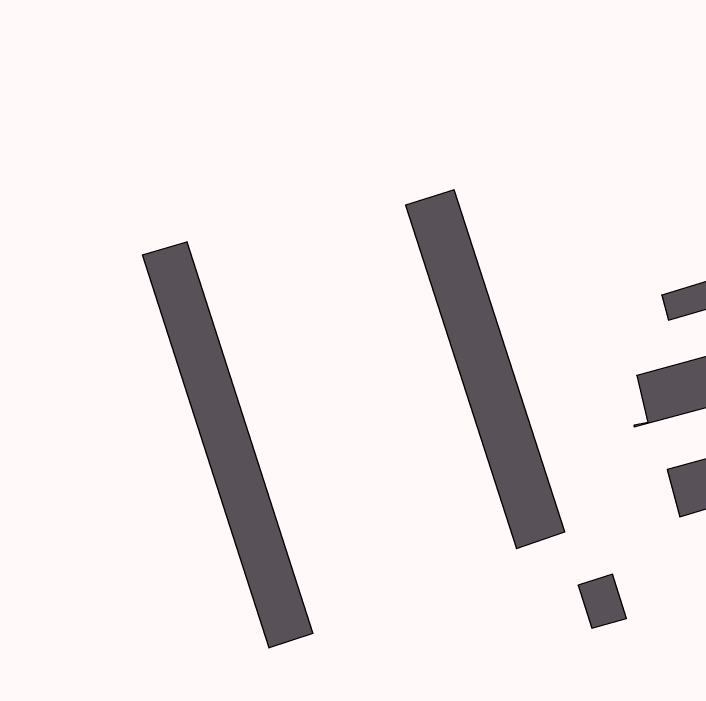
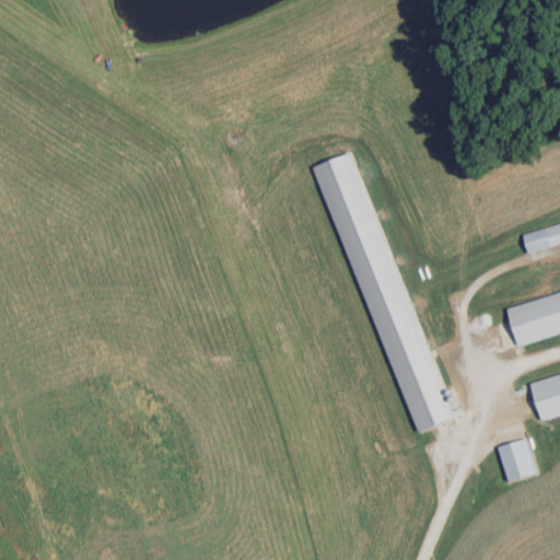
building: [142,242,313,648] -> none
building: [578,574,626,628] -> [499,443,537,486]

